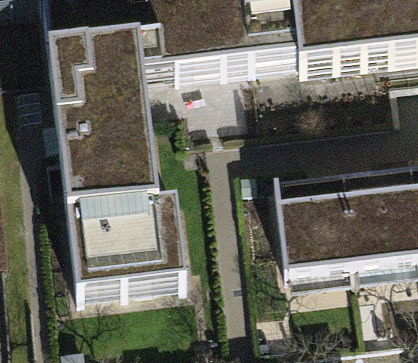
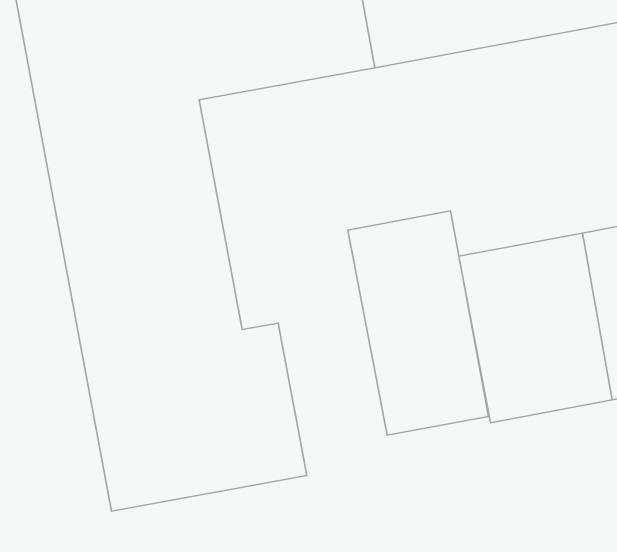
building: none -> [348,211,489,435]

